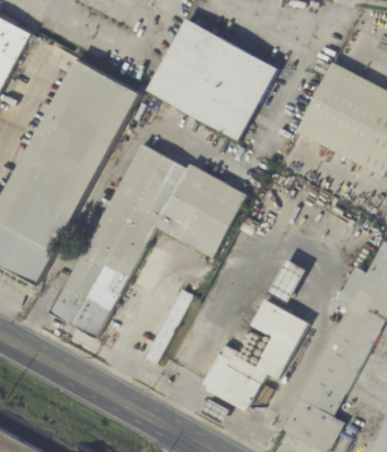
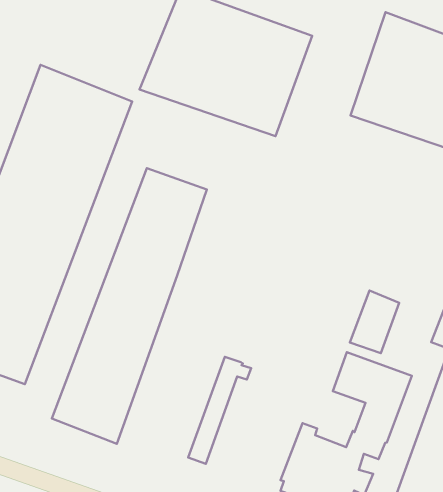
building: [155,167,247,257] -> none

